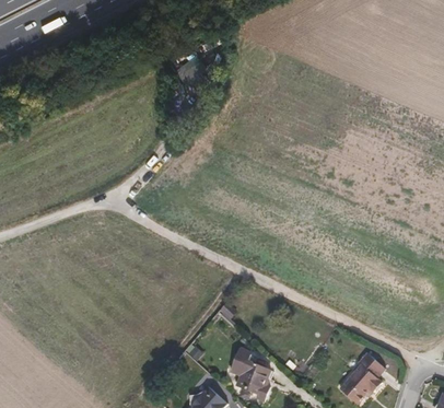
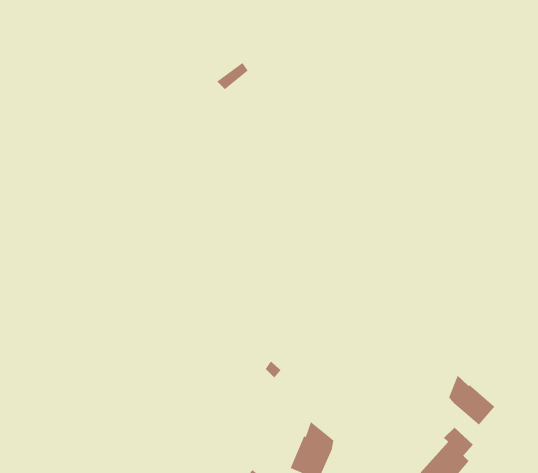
building: none -> [449,375,495,425]

